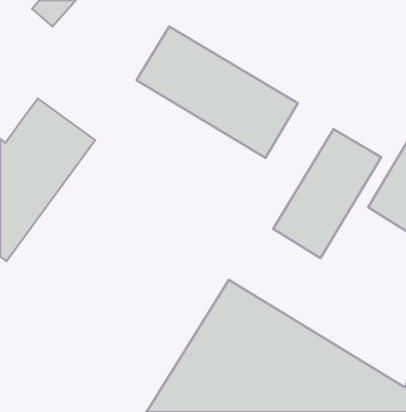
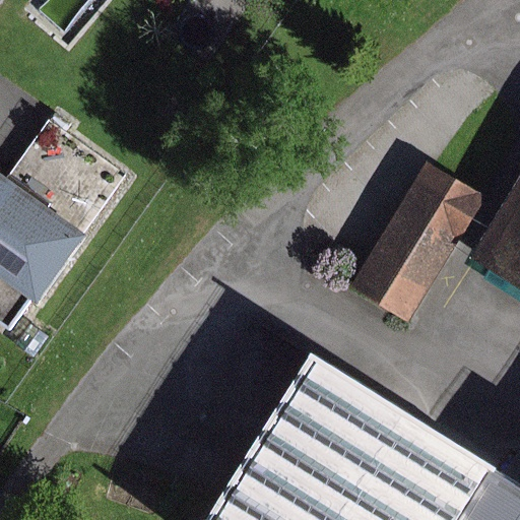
building: [137,26,298,158] -> none

